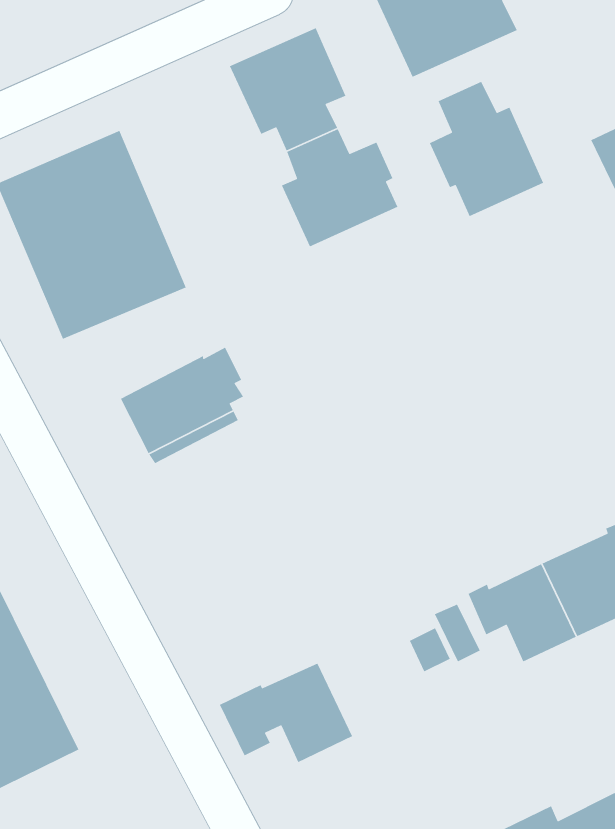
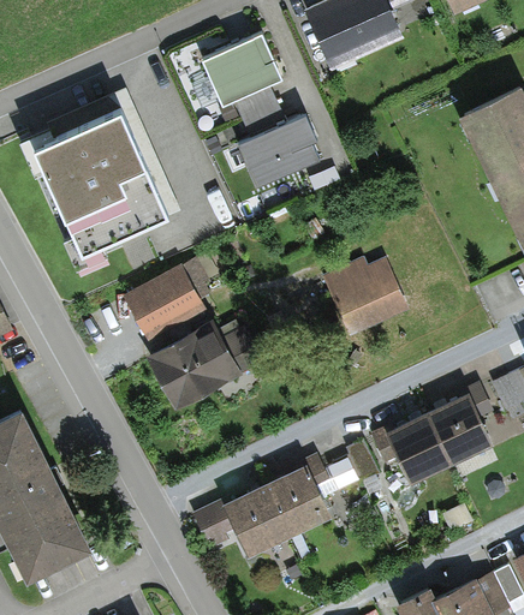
building: [429,81,544,217] -> none
building: none -> [320,259,409,340]
building: none -> [143,318,264,411]
building: none -> [262,455,332,538]

